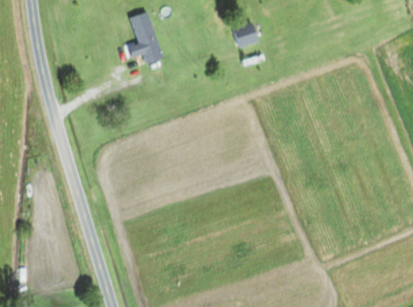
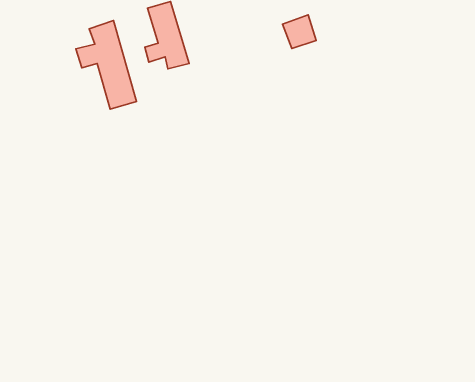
building: none -> [76,20,137,109]

